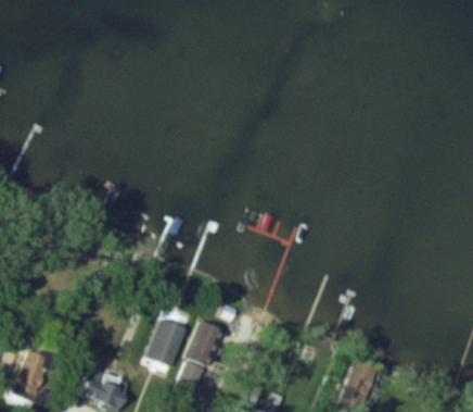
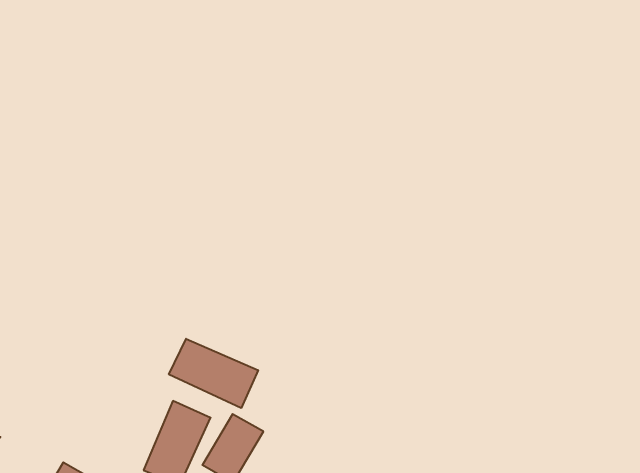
building: none -> [169,339,258,408]

